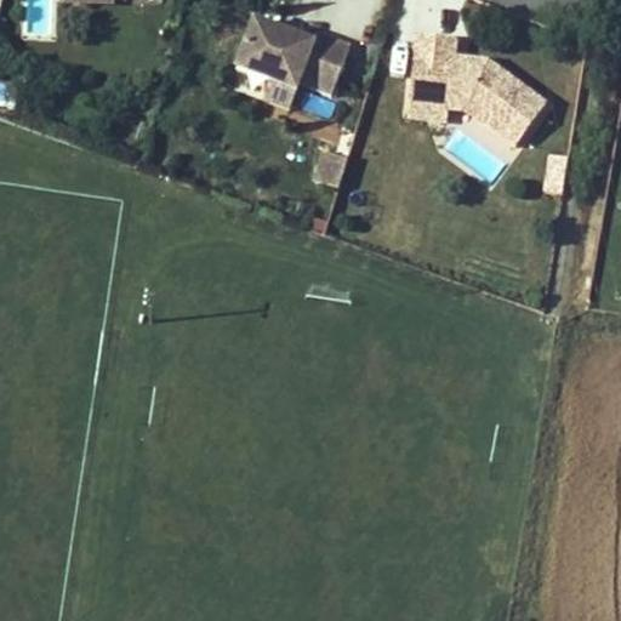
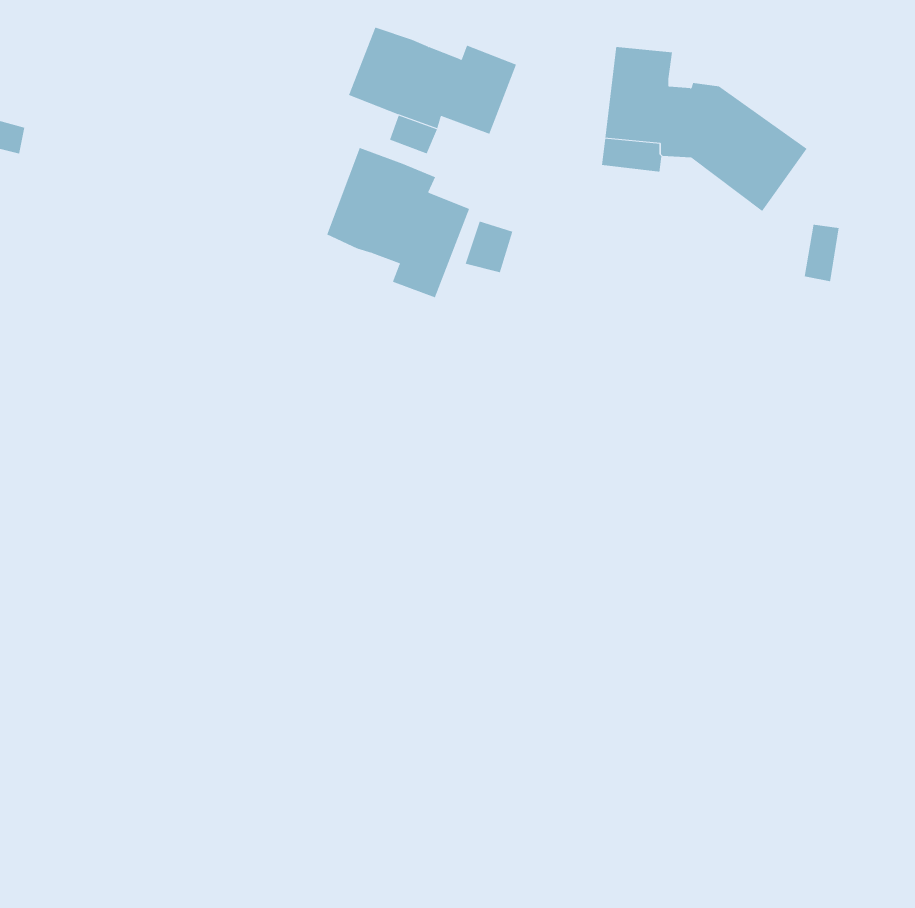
building: none -> [326,147,470,298]

